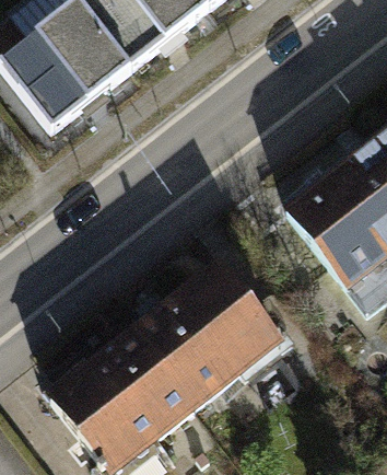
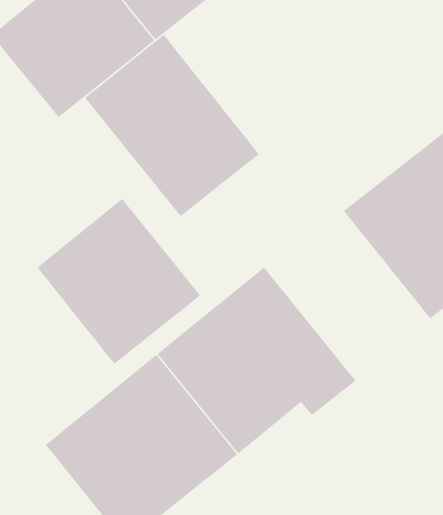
building: none -> [84,34,260,217]
building: none -> [36,198,201,365]

